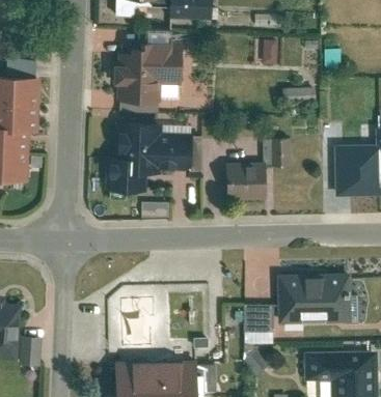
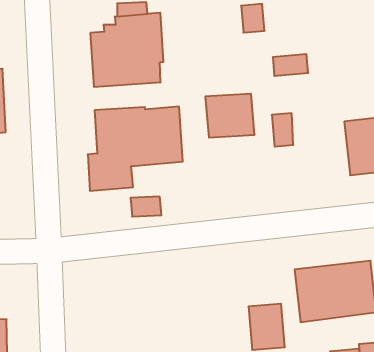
building: [224,166,265,203] -> [205,94,255,138]

